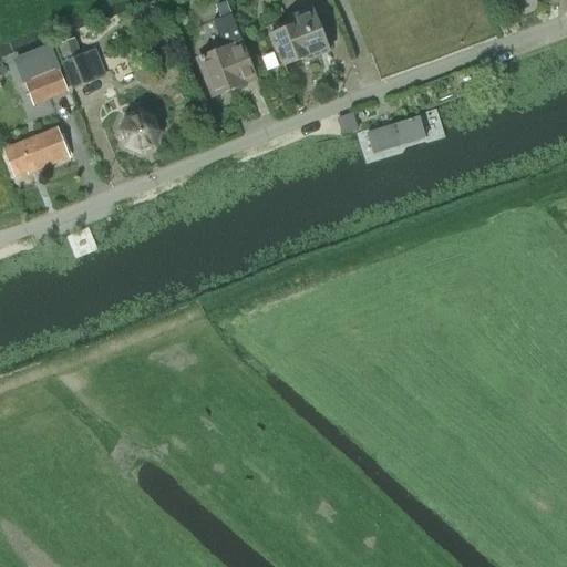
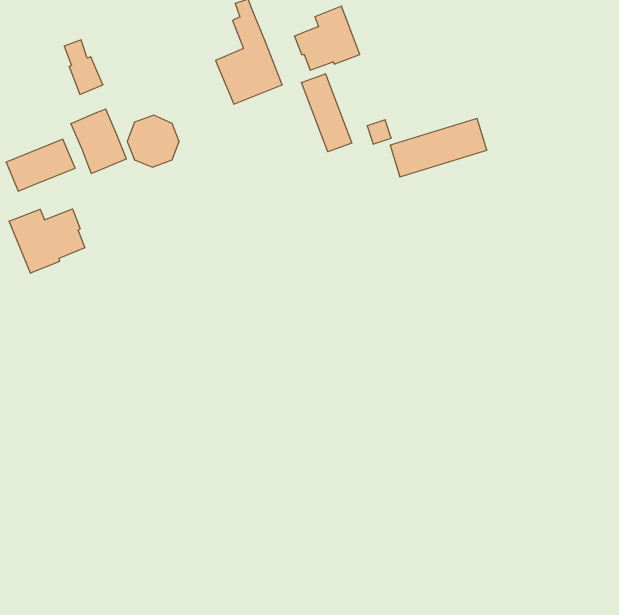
building: [17,44,68,103] -> [71,109,126,173]
building: none -> [301,74,352,152]
building: none -> [9,209,85,273]

